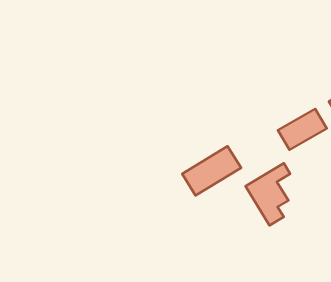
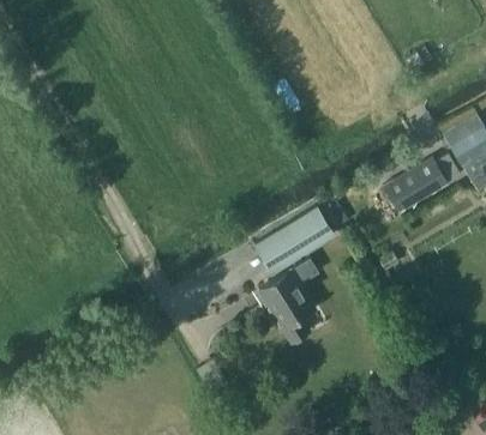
building: [245,163,290,226] -> [257,259,317,343]

